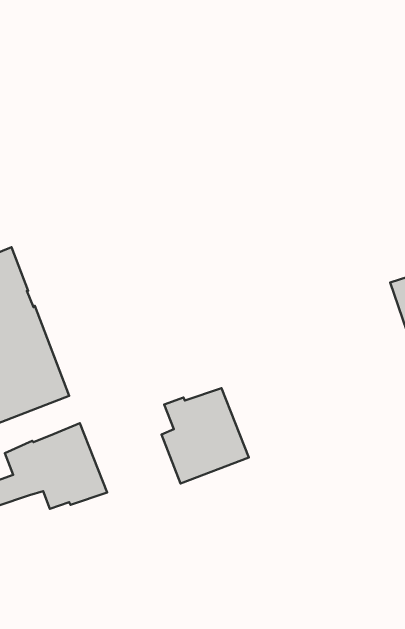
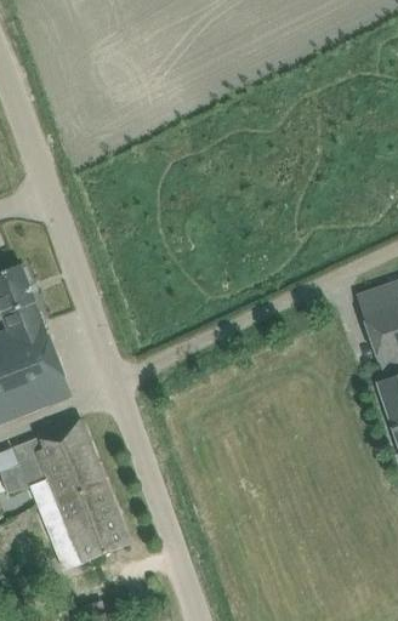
building: [162,388,249,484] -> [51,482,129,566]

